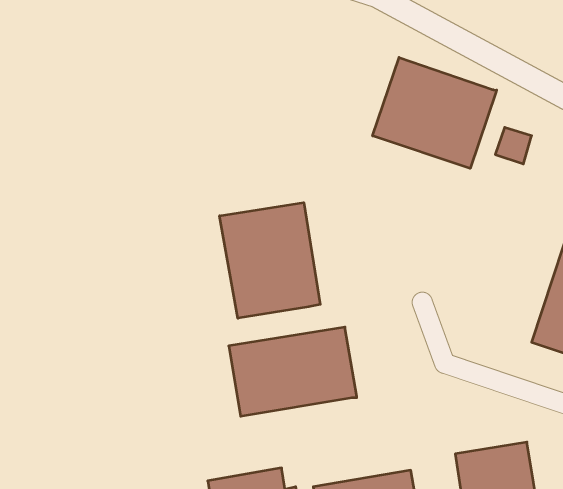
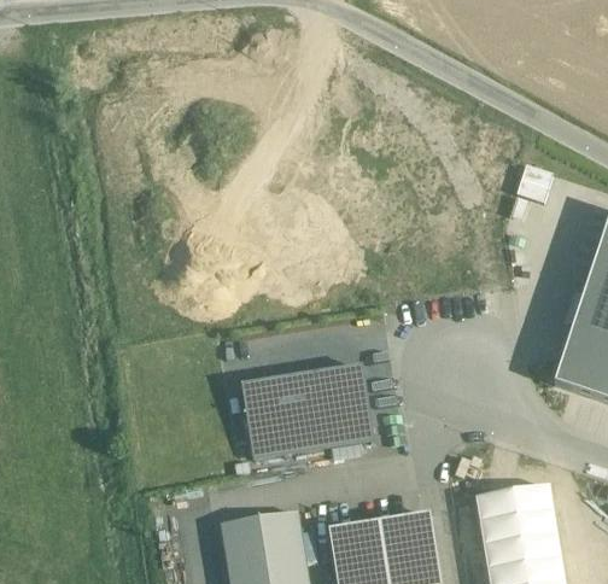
building: [373,57,497,168] -> none
building: [220,203,320,318] -> none

